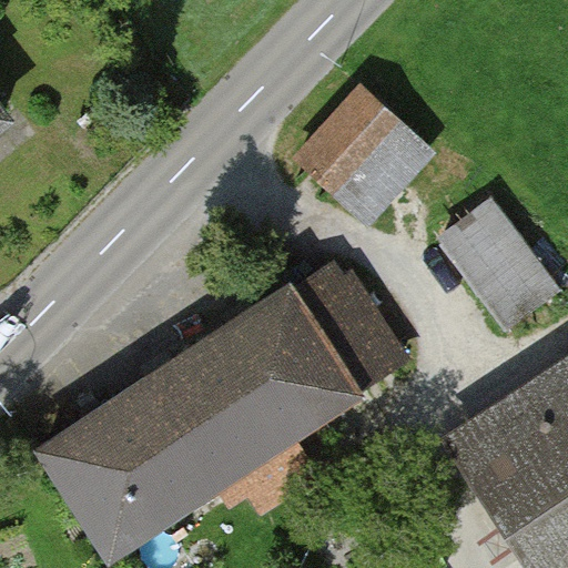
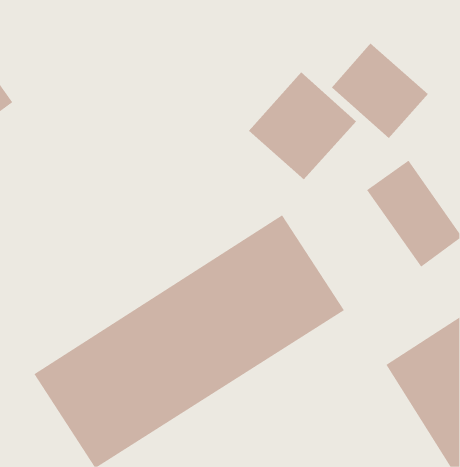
building: none -> [331,42,429,139]

